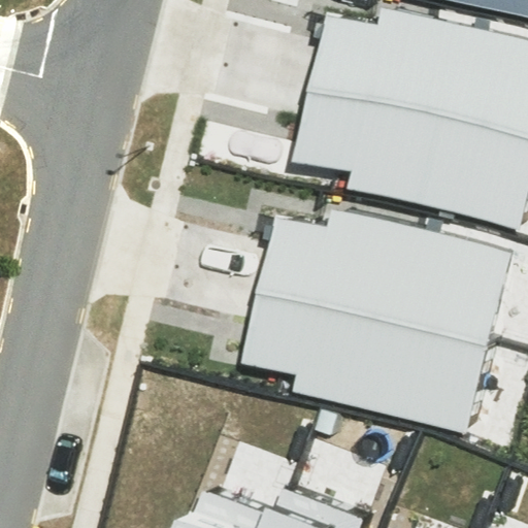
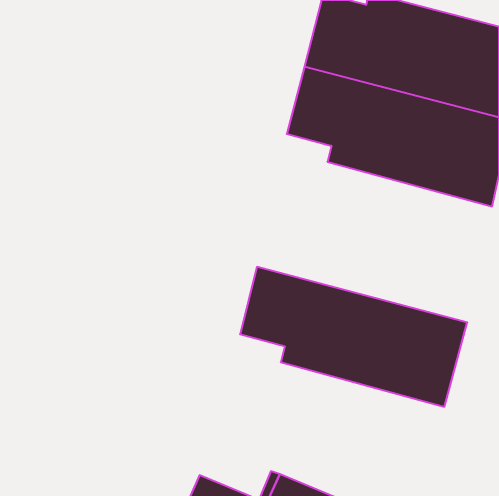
building: [267,211,508,346] -> none

